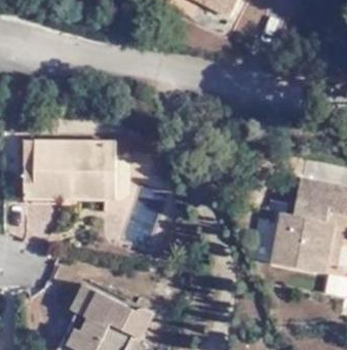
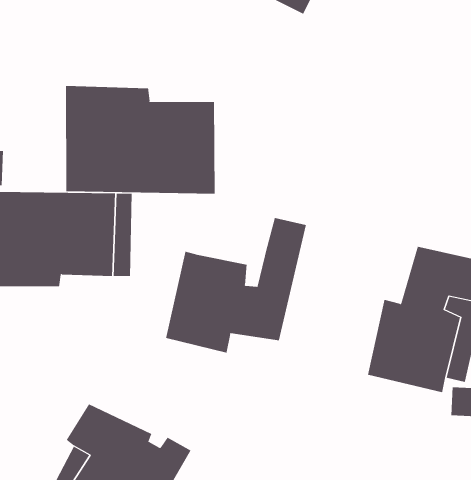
building: none -> [66,85,215,195]
building: none -> [166,217,307,353]

